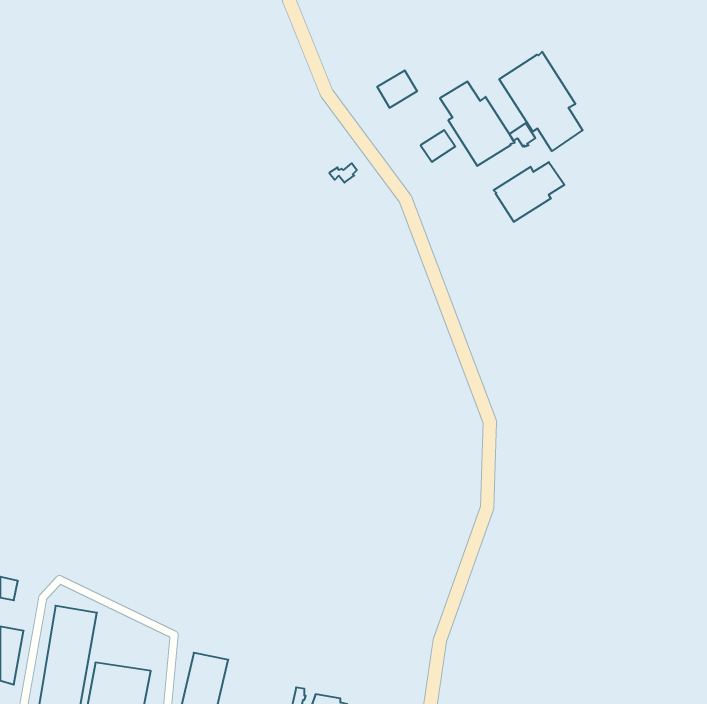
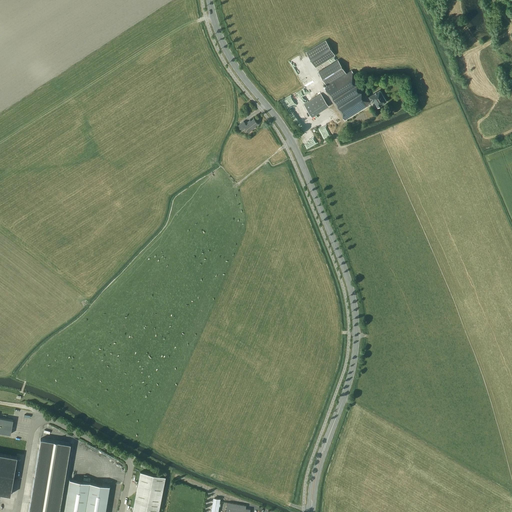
building: [499,52,583,151] -> none
building: [377,70,417,108] -> [306,42,335,69]
building: [494,162,564,222] -> none

